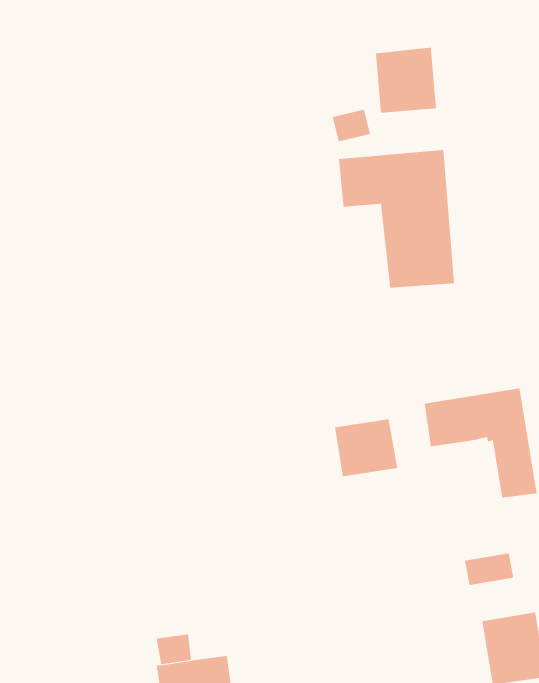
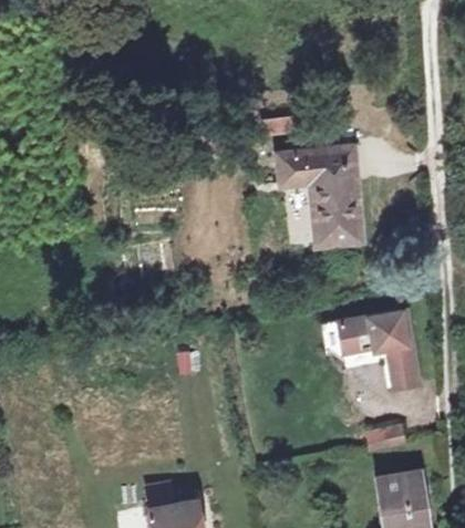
building: [375,47,437,114] -> none
building: [335,418,398,477] -> none

